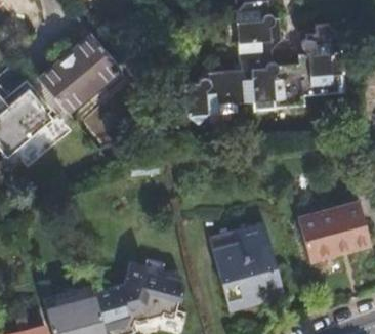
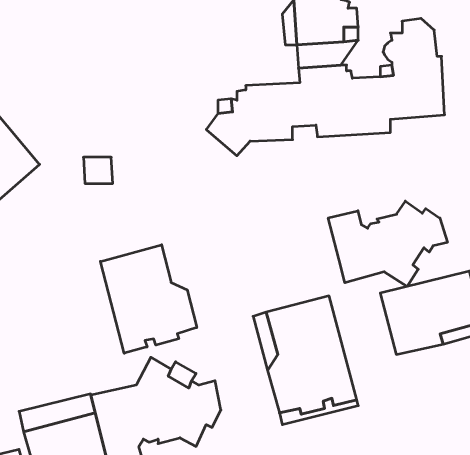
building: [45,36,121,110] -> none
building: none -> [328,201,447,286]
building: none -> [100,245,197,353]

